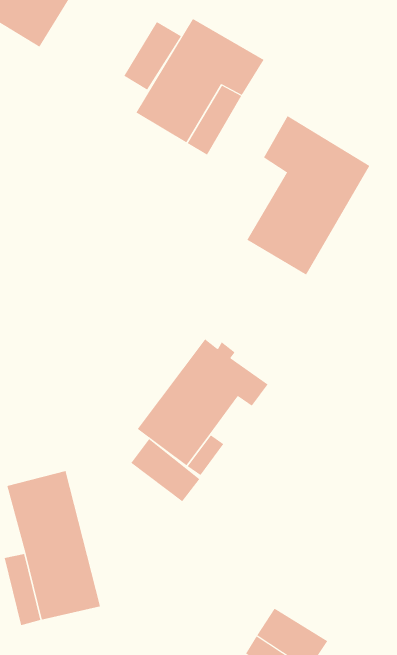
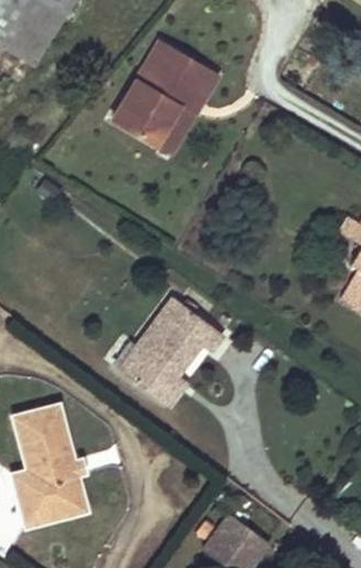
building: [124,21,182,90] -> none
building: [246,115,370,275] -> none
building: [131,438,200,502] -> none

